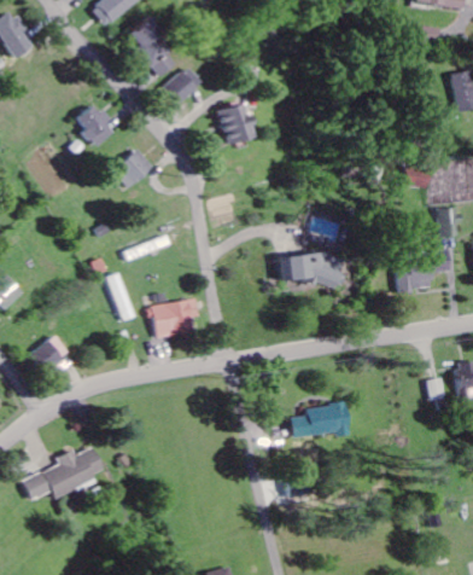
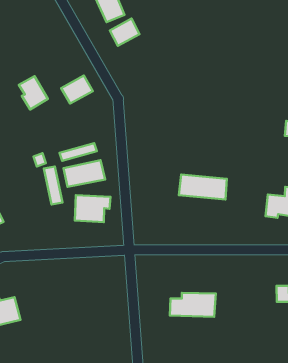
building: [75,104,115,147] -> [19,76,48,109]
building: [215,104,251,145] -> none
building: none -> [64,160,105,187]

